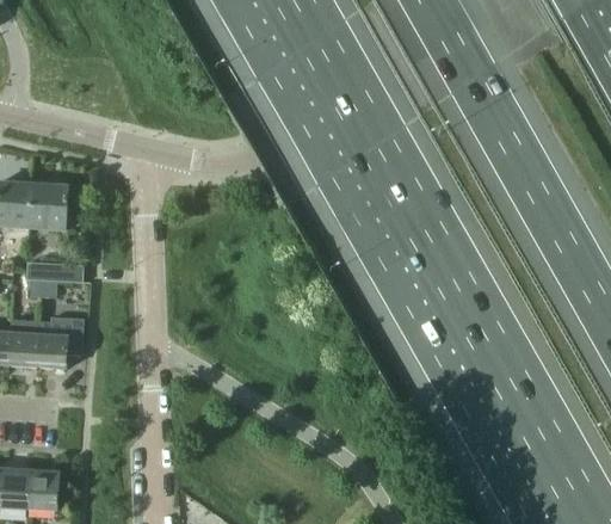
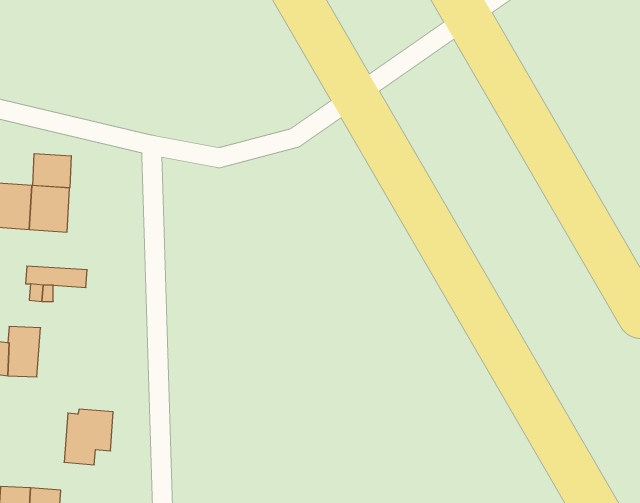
building: none -> [33,154,71,188]
building: [36,315,82,368] -> [64,409,113,465]

